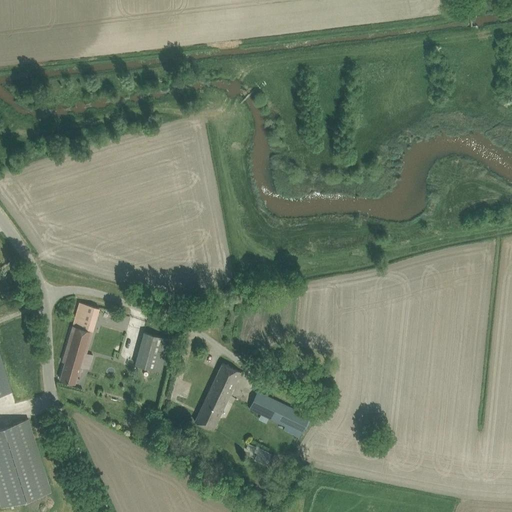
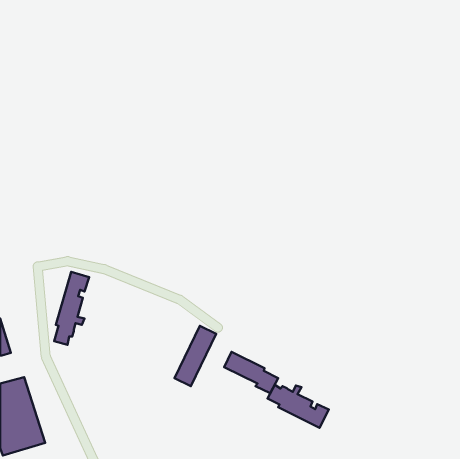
building: [133,332,169,372] -> none
building: none -> [268,385,329,428]

